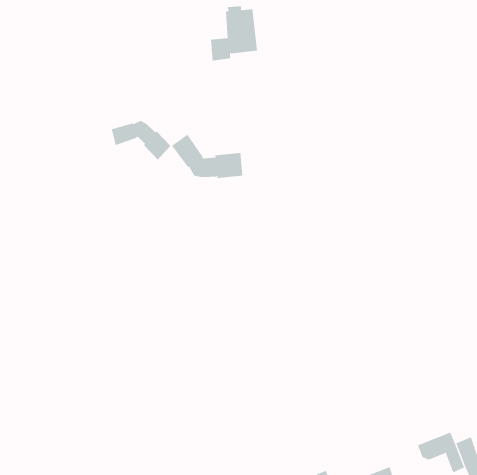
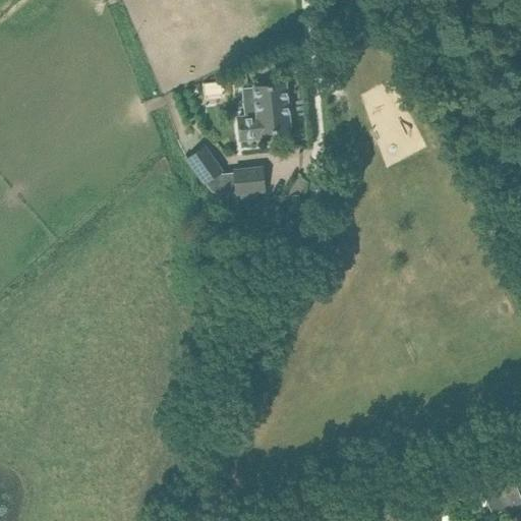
building: [210,6,258,61] -> [239,83,291,143]
building: [111,120,171,161] -> none

